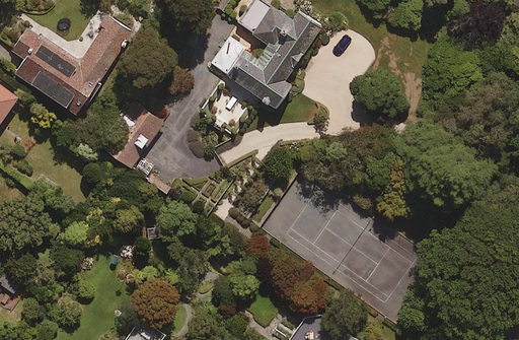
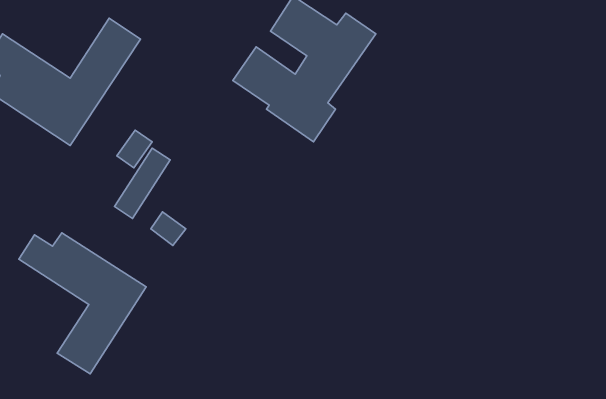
building: none -> [19,233,146,374]

